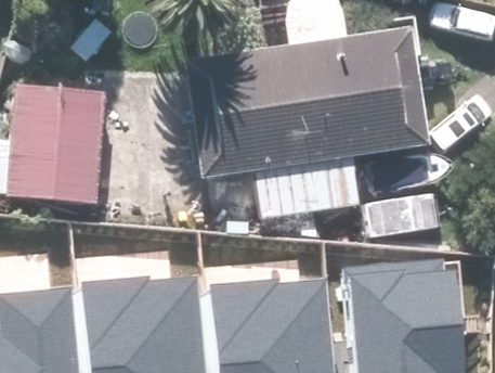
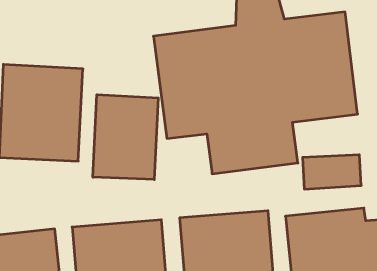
building: none -> [93,95,158,180]

